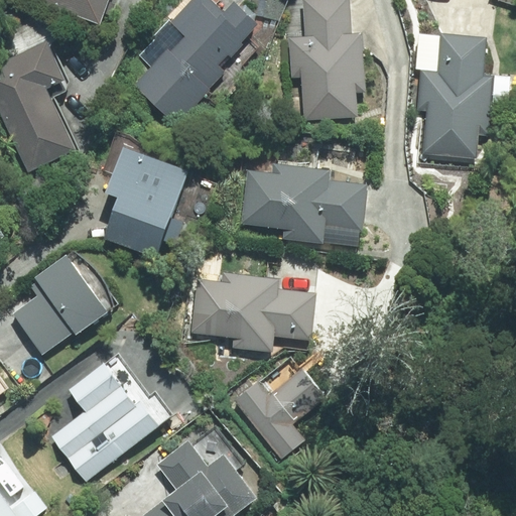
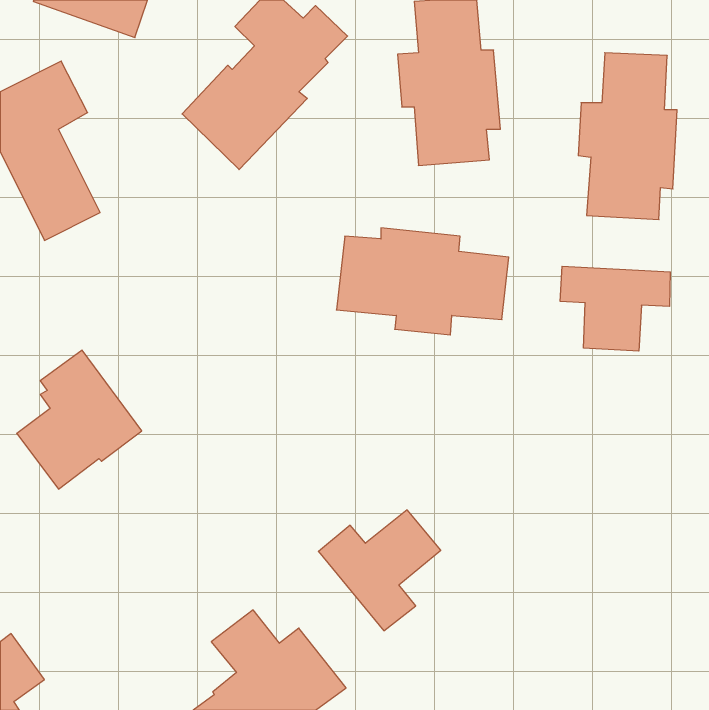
building: [105,147,189,255] -> none
building: none -> [560,266,670,351]
building: [189,272,309,351] -> none
building: [57,365,156,477] -> none

